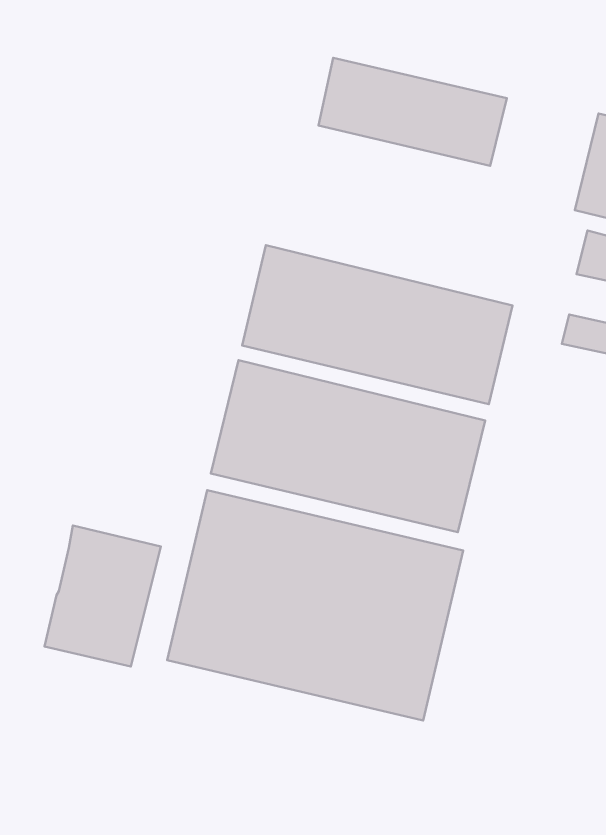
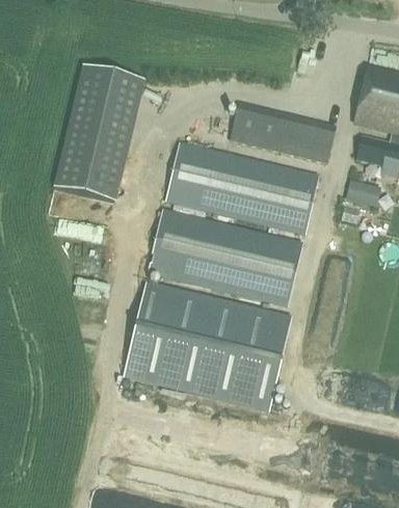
building: [318,58,507,166] -> [230,102,337,163]
building: none -> [53,64,145,202]
building: [45,526,161,667] -> none

